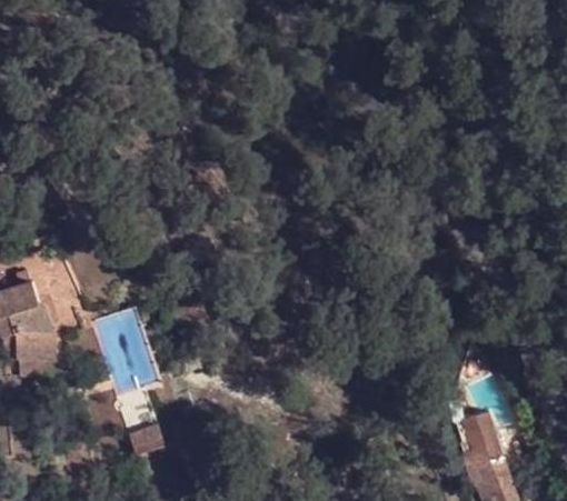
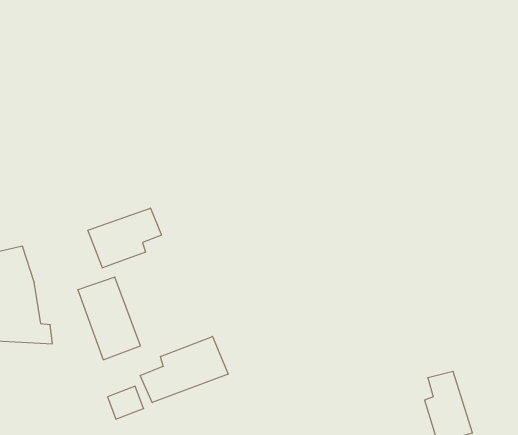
building: none -> [88,208,162,268]
building: none -> [140,336,228,403]

